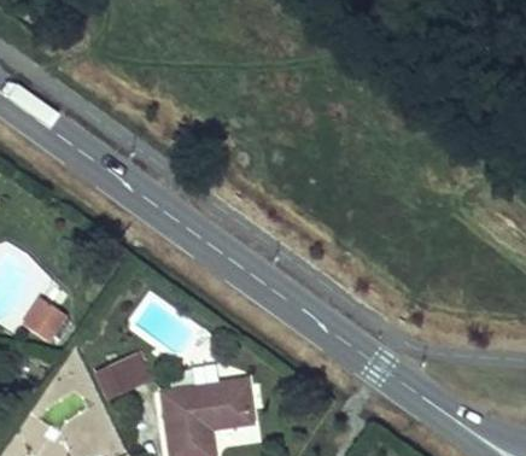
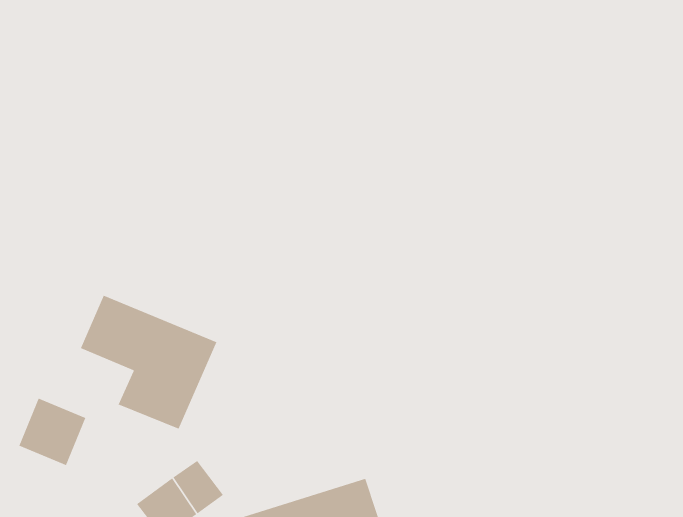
building: none -> [80,295,217,429]

